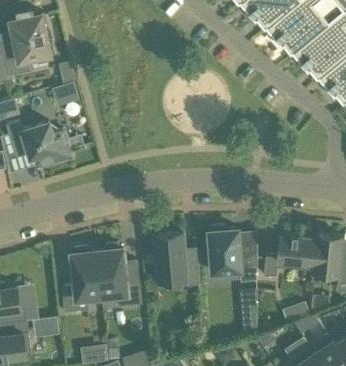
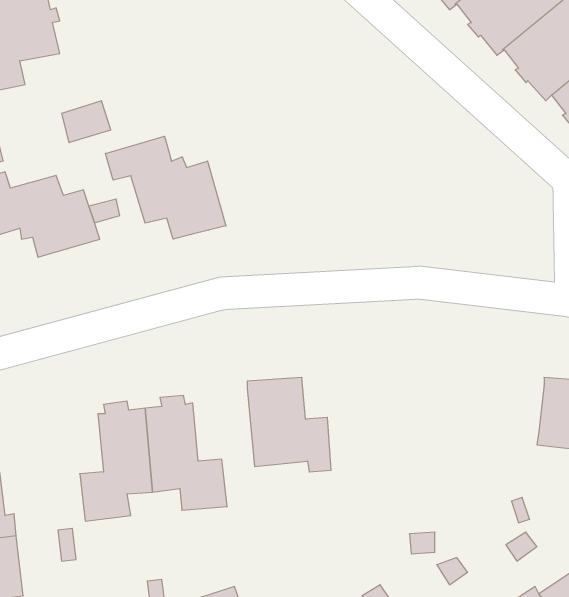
building: none -> [105,136,226,239]
building: [208,226,257,283] -> none
building: [263,235,316,277] -> none

